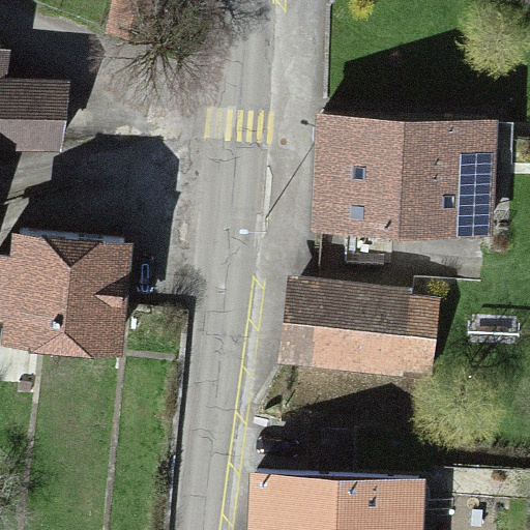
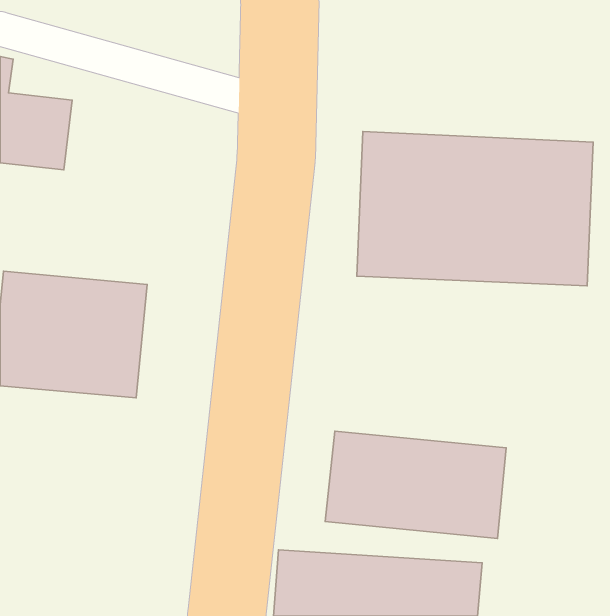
building: [277,285,433,377] -> [325,431,506,538]

